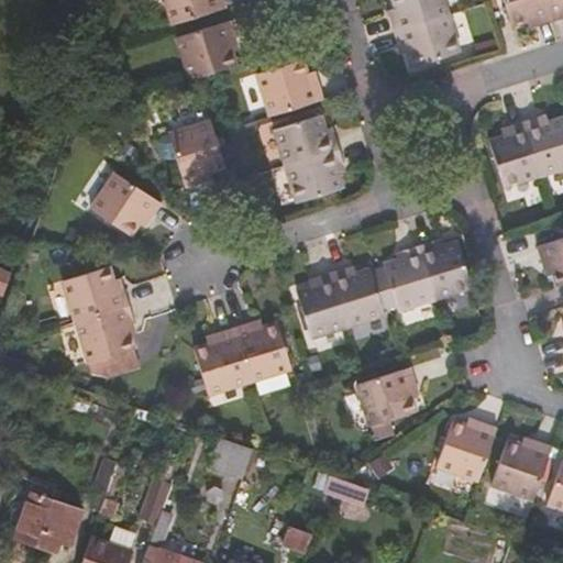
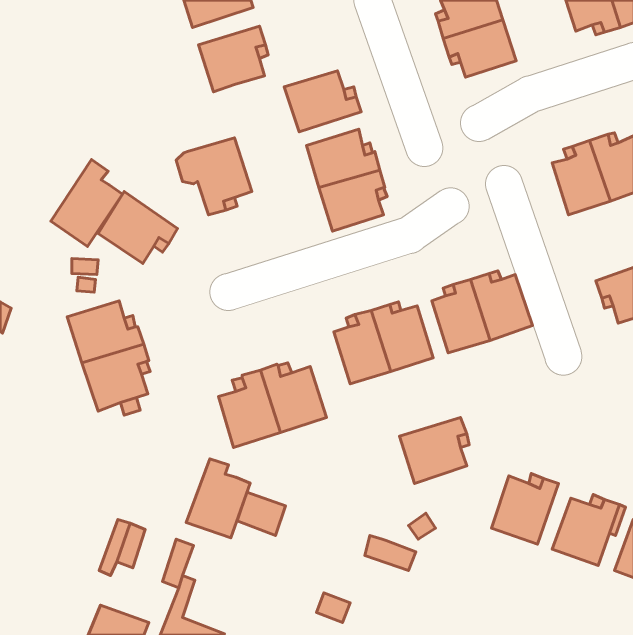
building: none -> [51,160,122,247]
building: none -> [186,459,250,538]
building: [15,492,81,551] -> none

